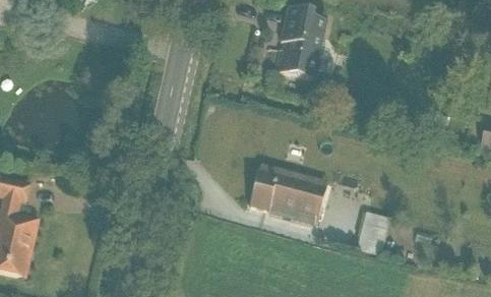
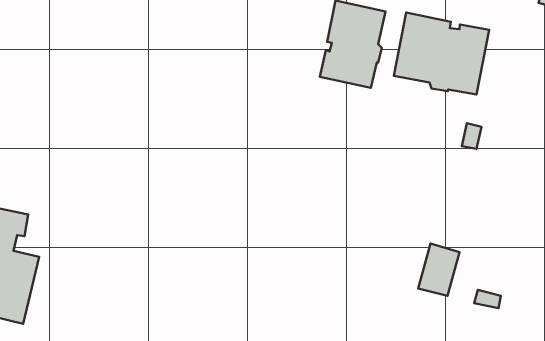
building: none -> [394,13,489,94]
building: [248,169,324,224] -> none

